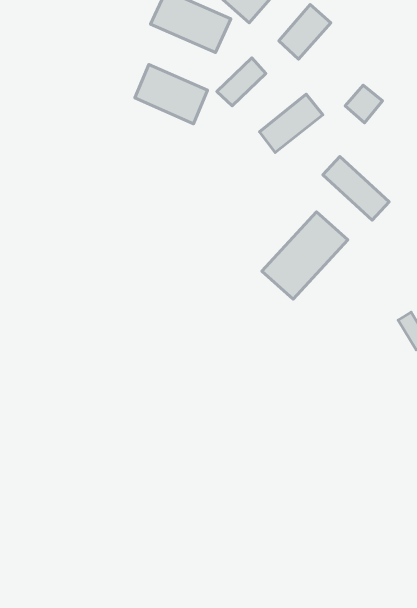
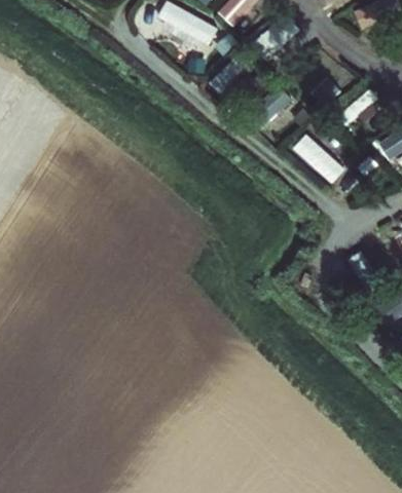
building: [135,64,208,124] -> none
building: [262,212,348,299] -> none

